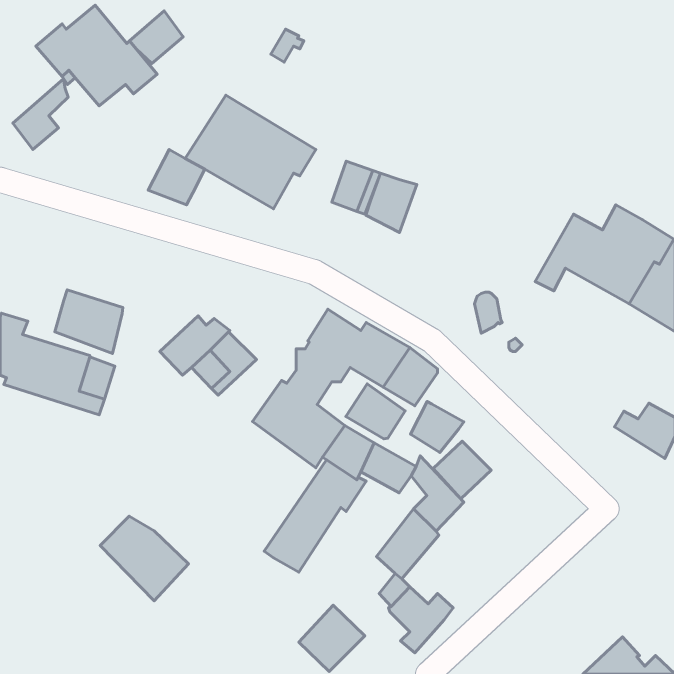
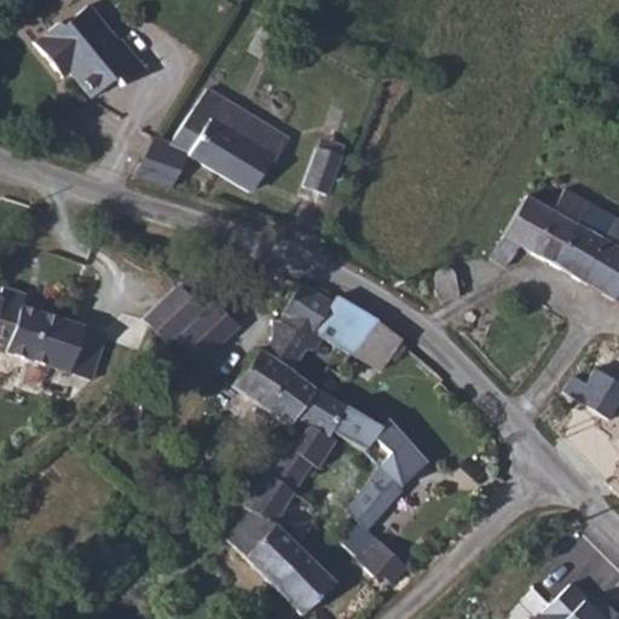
building: [130,11,183,64] -> none
building: [13,79,68,150] -> none
building: [366,173,417,233] -> none
building: [55,290,123,354] -> none
building: [346,384,405,439] -> none
building: [410,401,464,452] -> none
building: [433,441,491,499] -> none
building: [100,516,189,601] -> [225,510,306,588]

